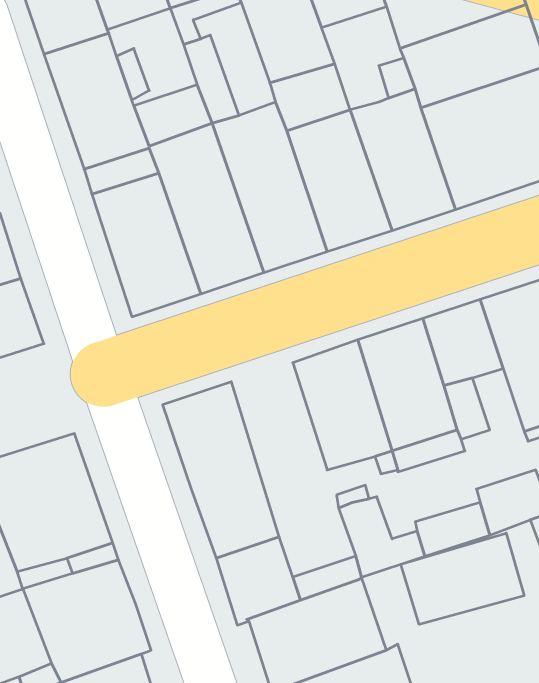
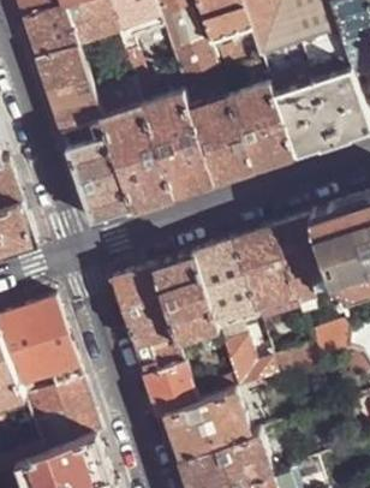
building: none -> [154,256,217,346]
building: [401,533,524,624] -> none

